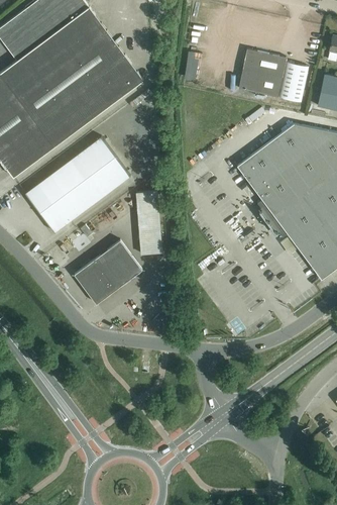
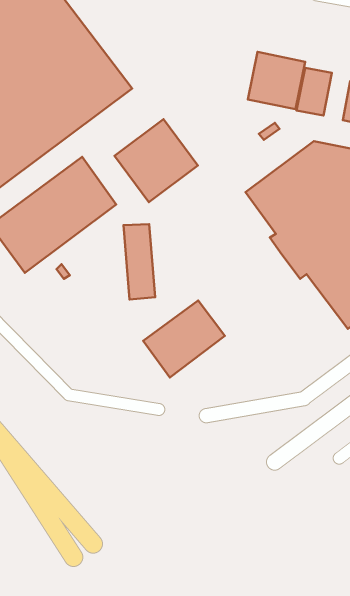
building: none -> [114,119,198,202]
building: [75,240,142,304] -> [143,300,225,377]

